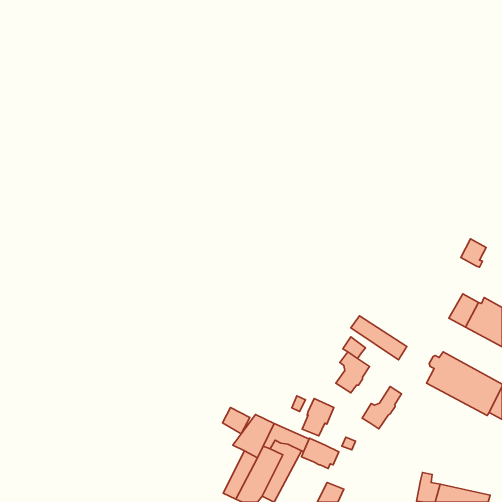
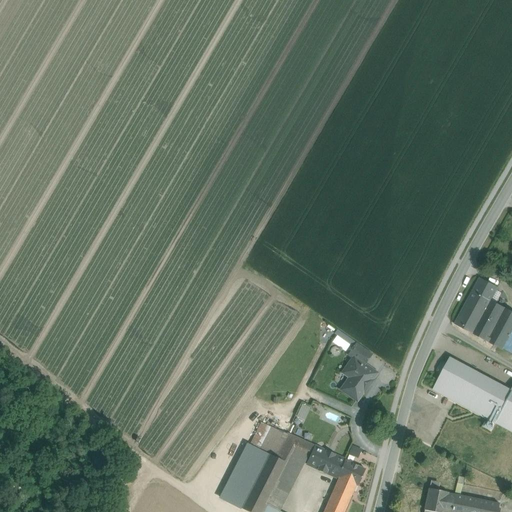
building: [461,239,486,267] -> [471,280,497,309]
building: [351,316,407,360] -> none
building: [362,386,401,429] -> none
building: [302,399,334,436] -> [333,460,365,498]
building: [223,408,250,434] -> none

